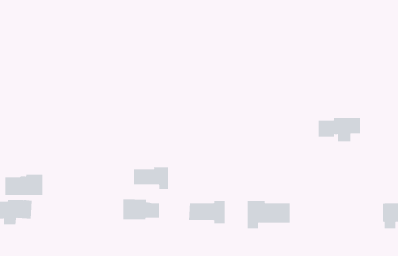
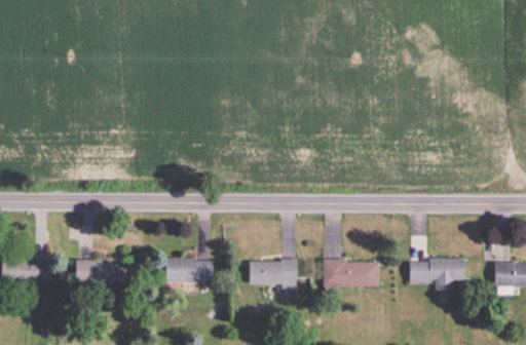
building: [318,118,361,142] -> [410,259,464,290]
building: [134,167,169,190] -> none
building: [4,174,43,195] -> [76,257,125,283]

